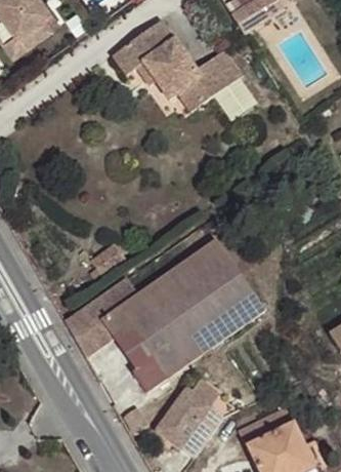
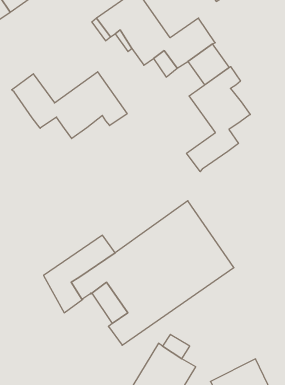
building: none -> [187,67,250,172]
building: none -> [12,72,127,139]

